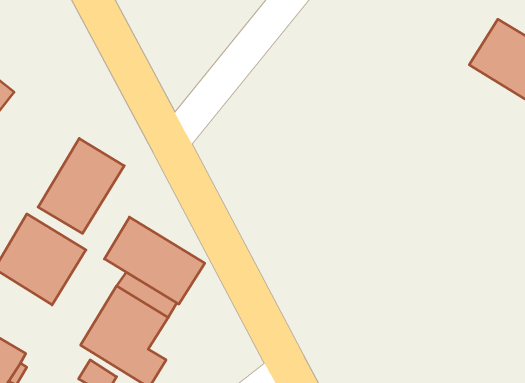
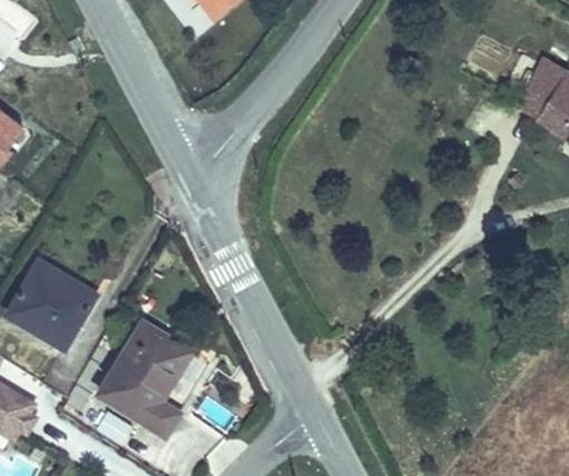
building: [38,138,124,233] -> none
building: [104,217,205,304] -> none

